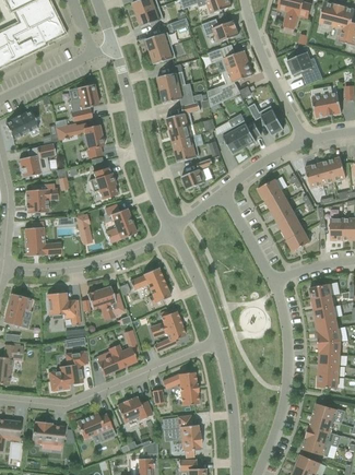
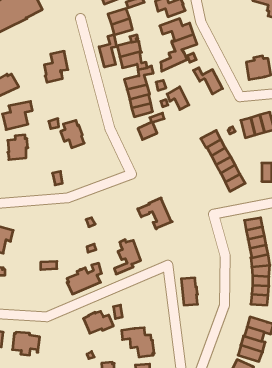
building: [286,51,322,84] -> none
building: none -> [99,35,116,67]
building: [232,119,260,147] -> none
building: [63,122,103,157] -> none
building: [106,207,135,241] -> none
building: [24,221,54,256] -> none
building: [129,266,170,304] -> [138,198,172,229]
building: [86,285,123,314] -> none
building: [46,292,79,324] -> none
building: [48,349,87,390] -> none
building: [178,371,198,404] -> [181,278,198,305]
building: [75,412,115,440] -> none

